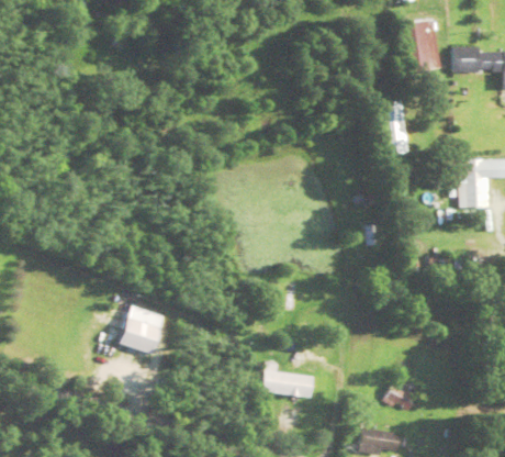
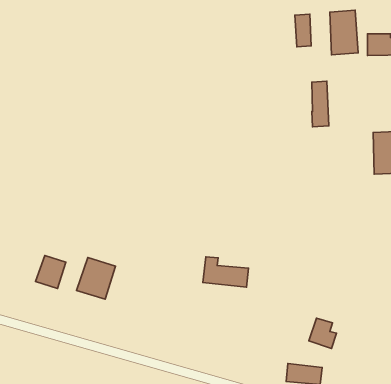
building: none -> [295,14,311,47]
building: none -> [36,256,66,288]
building: [261,363,314,398] -> [203,257,248,287]

